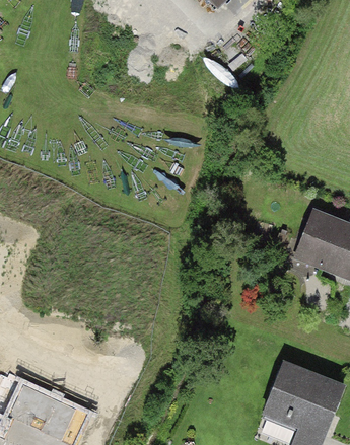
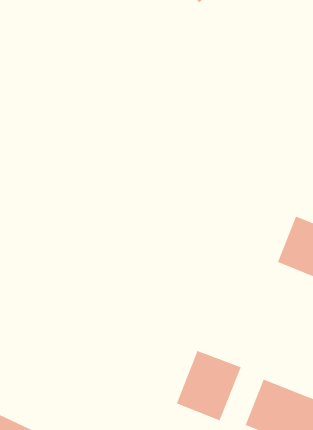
building: none -> [176,350,241,421]

